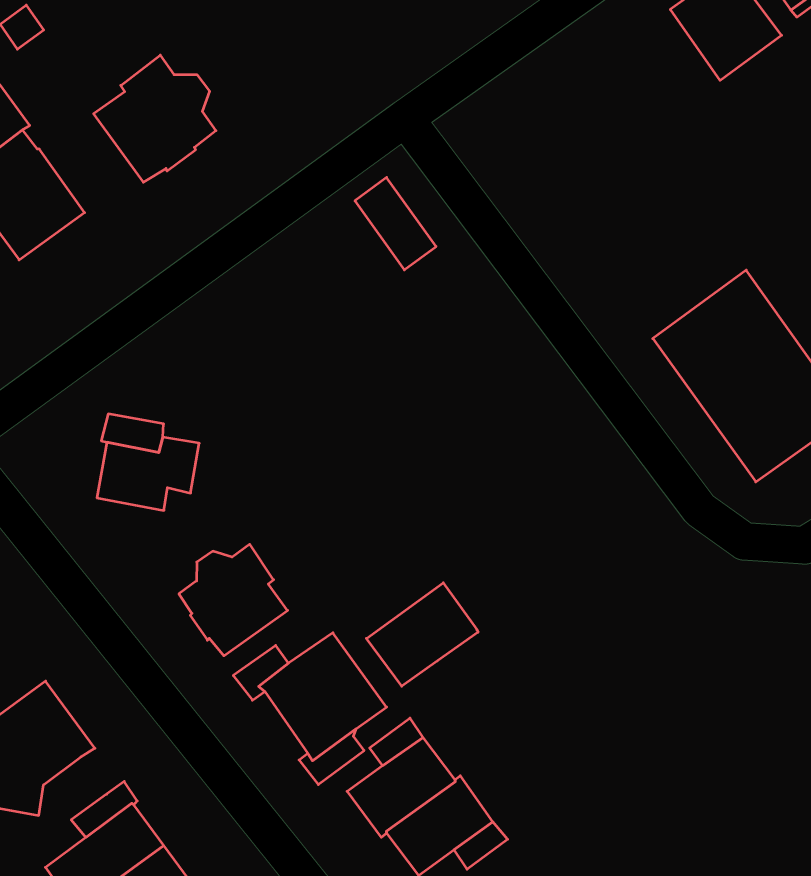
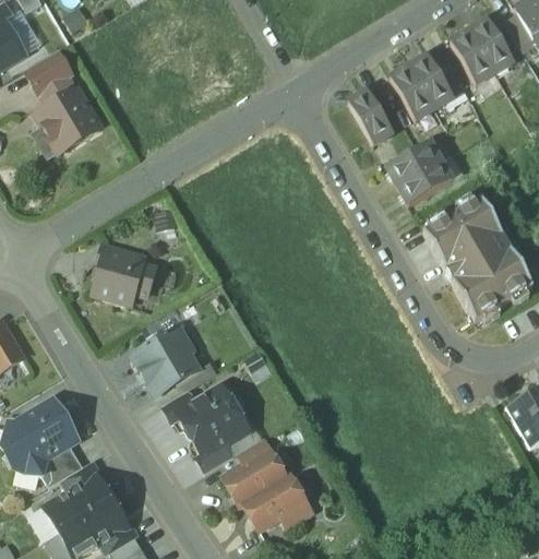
building: none -> [391,55,454,120]
building: [94,55,216,182] -> none
building: [355,177,436,270] -> [348,90,393,144]
building: none -> [386,141,452,204]
building: [366,583,478,686] -> none
building: none -> [43,443,83,486]

